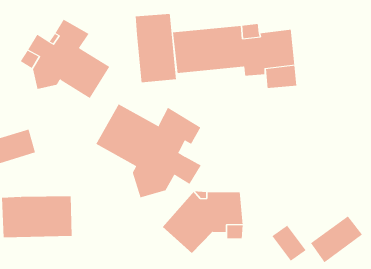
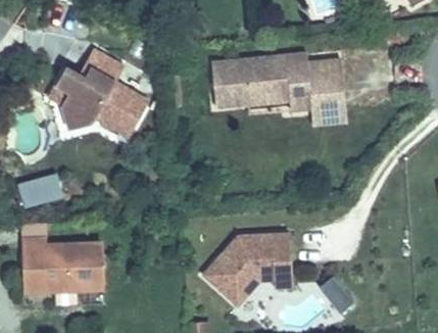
building: [135,13,176,83] -> none
building: [96,103,201,198] -> none
building: [310,215,363,263] -> none

